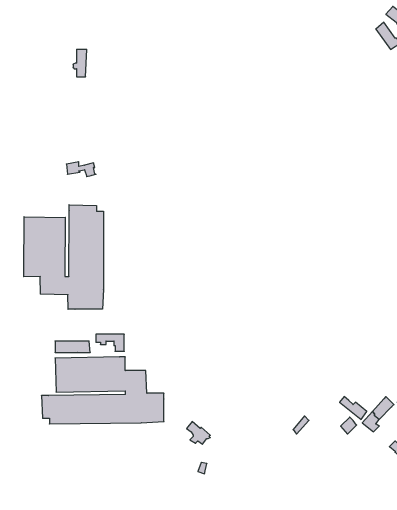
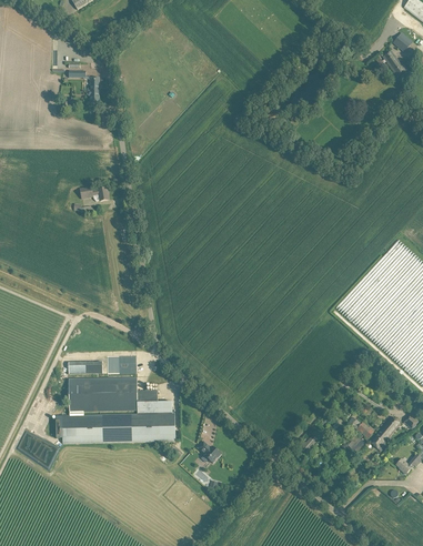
building: [24,205,103,309] -> none

